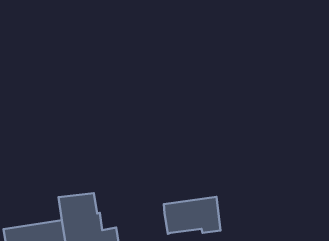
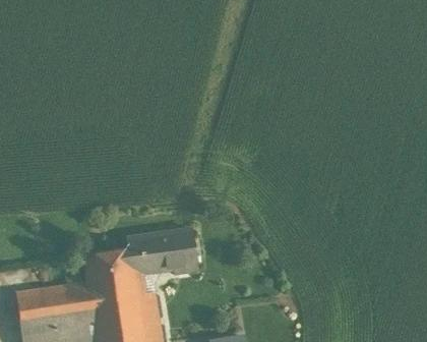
building: [164,197,220,234] -> [128,229,198,275]

